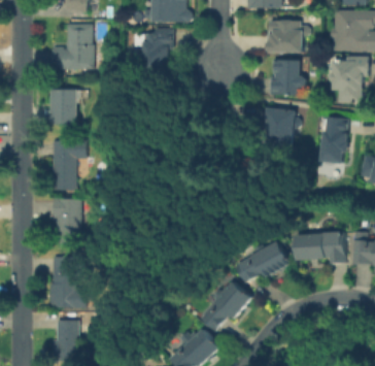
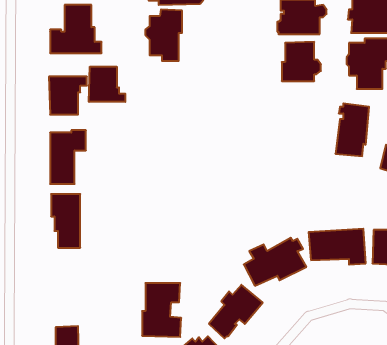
building: none -> [89,67,125,102]
building: [259,107,299,146] -> none
building: [49,258,86,307] -> [142,283,181,337]

